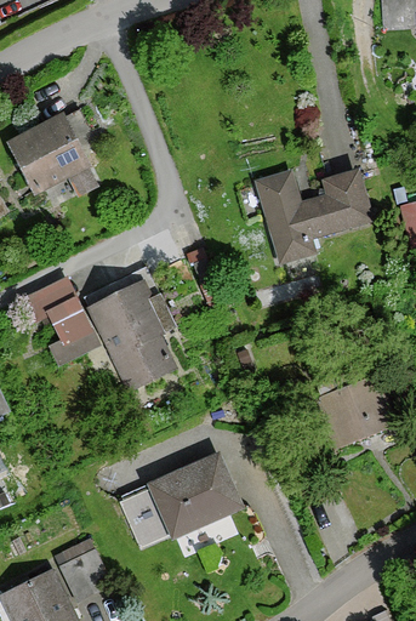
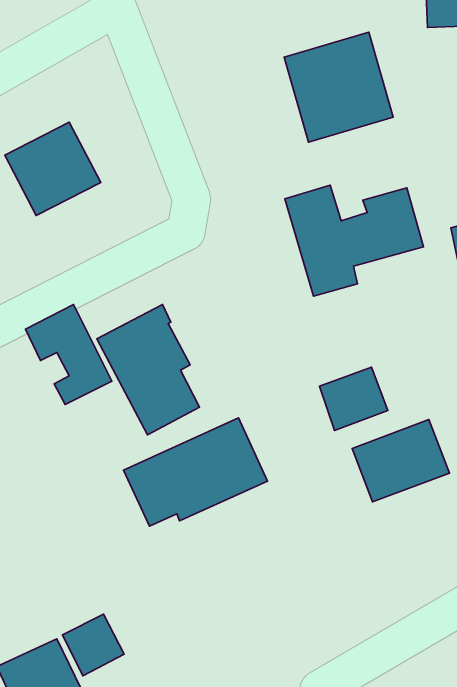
building: none -> [284,32,393,142]
building: none -> [319,367,388,430]
building: [118,454,245,549] -> [123,418,267,526]

